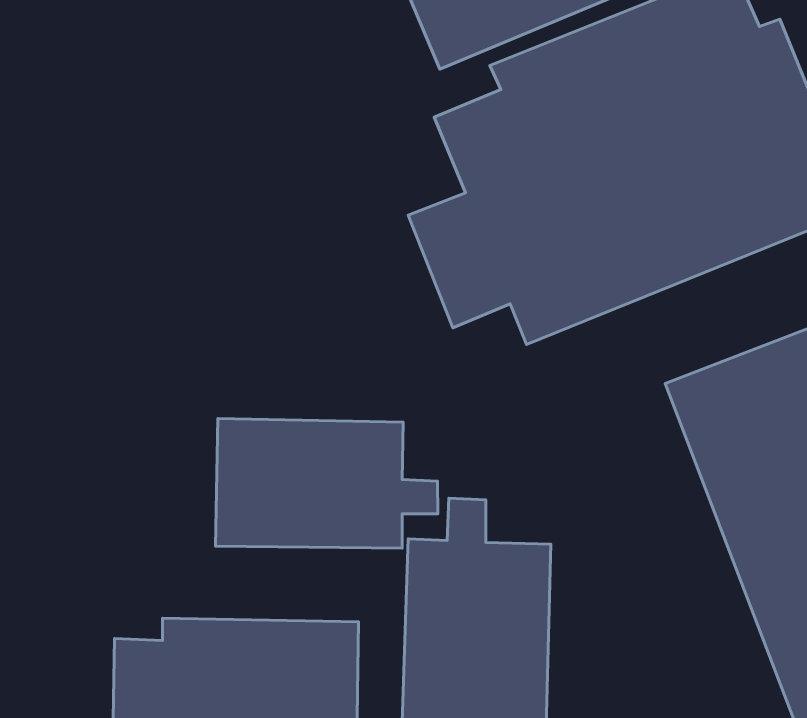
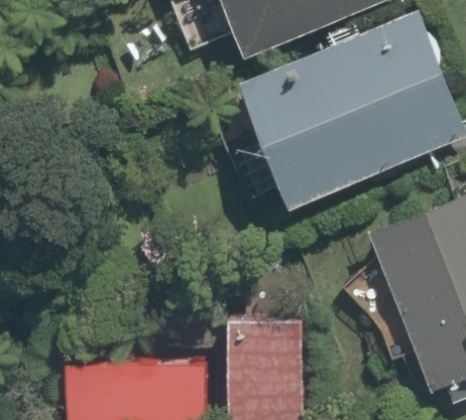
building: [215,419,438,548] -> none

